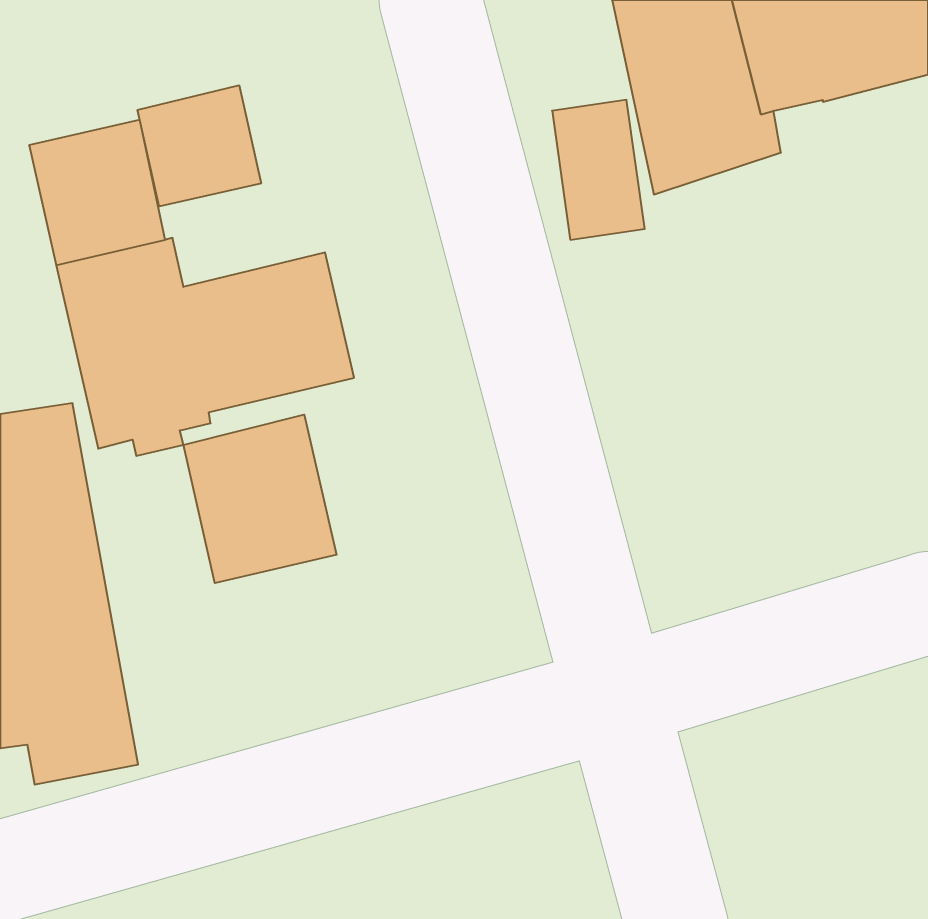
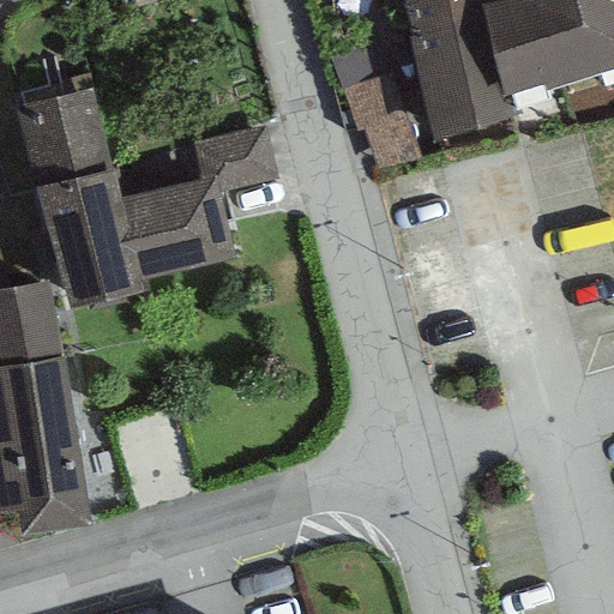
building: [138,85,261,207] -> none
building: [183,415,337,583] -> none

